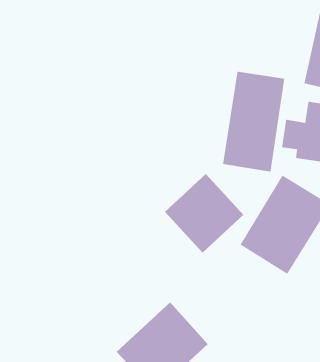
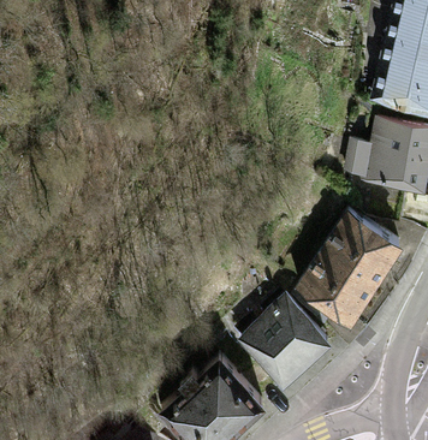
building: [222,71,285,172] -> none
building: [164,173,244,253] -> [240,295,331,385]

